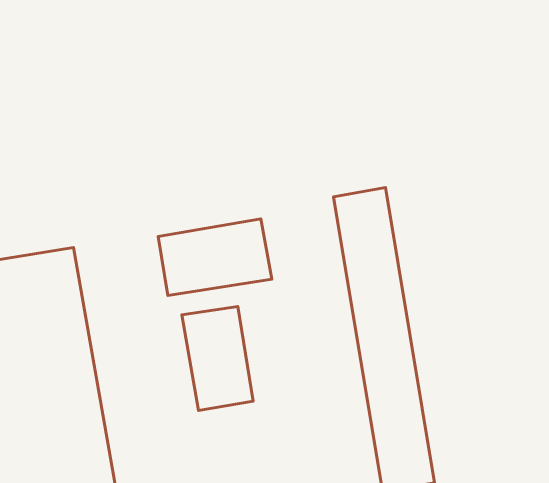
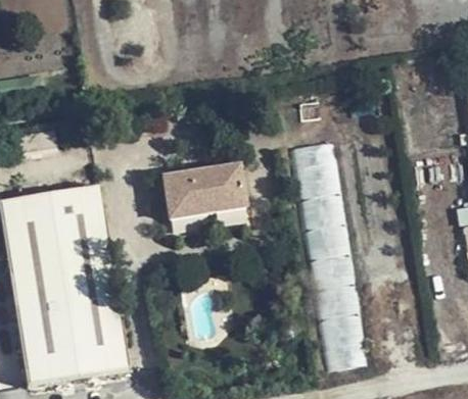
building: [182,306,253,410] -> none

